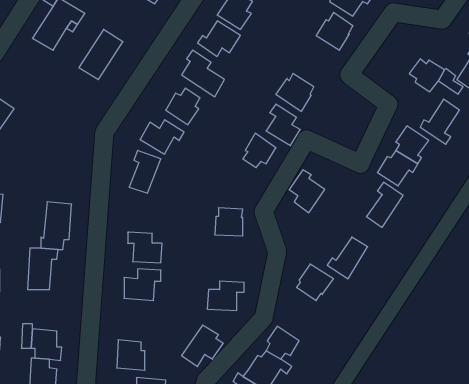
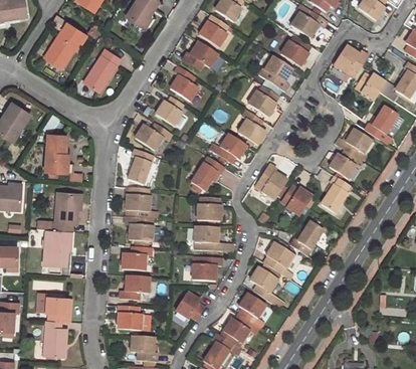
building: none -> [336,47,368,74]
building: none -> [262,56,290,90]
building: none -> [44,134,72,173]
building: none -> [191,157,224,192]
building: none -> [280,185,310,214]
building: none -> [126,187,151,218]
building: none -> [193,225,221,250]
building: none -> [250,266,278,301]
building: none -> [120,275,150,300]

